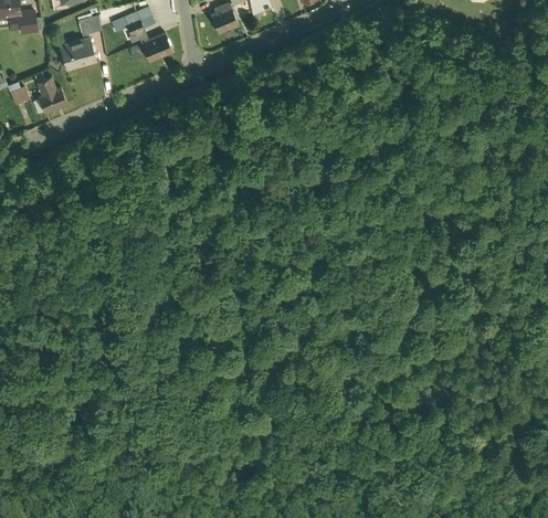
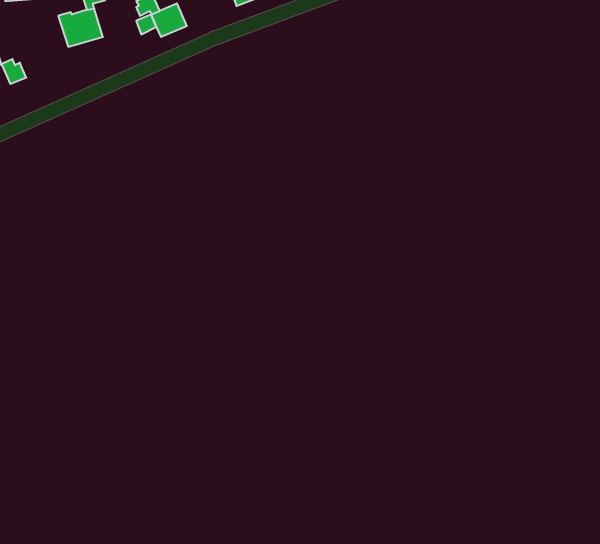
building: [36,74,67,113] -> none

